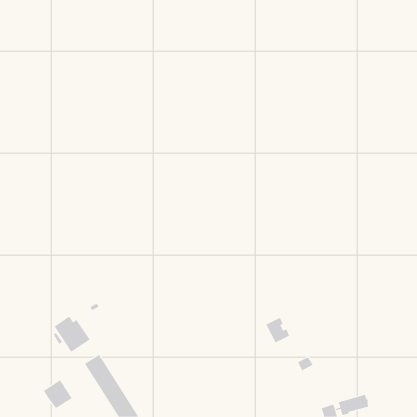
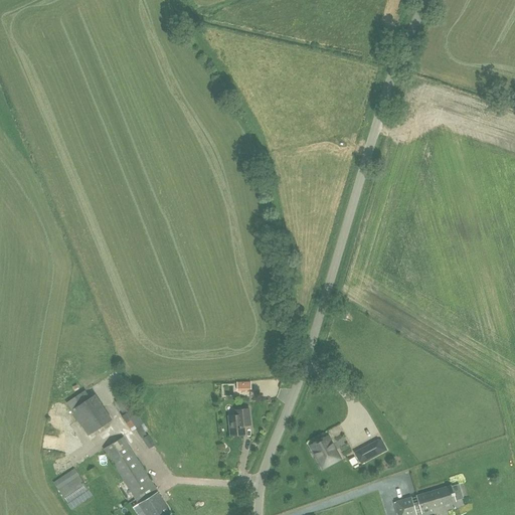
building: [266,317,290,343] -> [310,436,340,468]
building: none -> [228,408,250,436]

